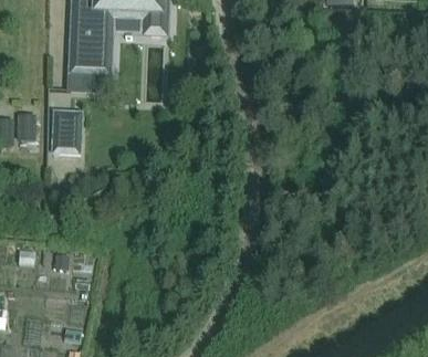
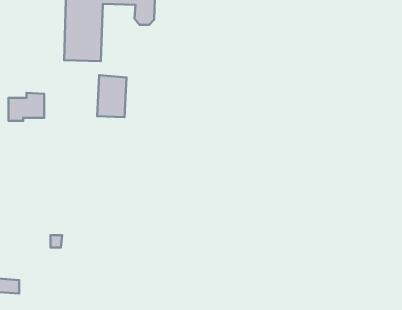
building: [50,114,81,158] -> [97,75,127,117]

